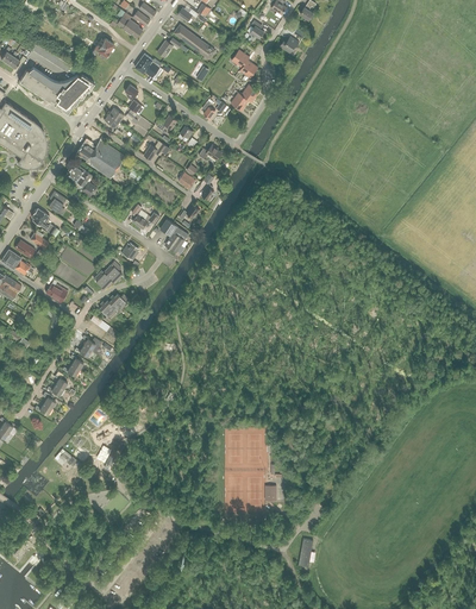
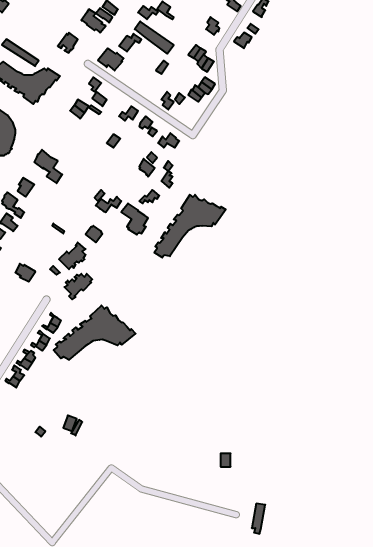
building: [76,138,125,178] -> none
building: none -> [154,195,226,258]
building: none -> [54,305,136,360]

